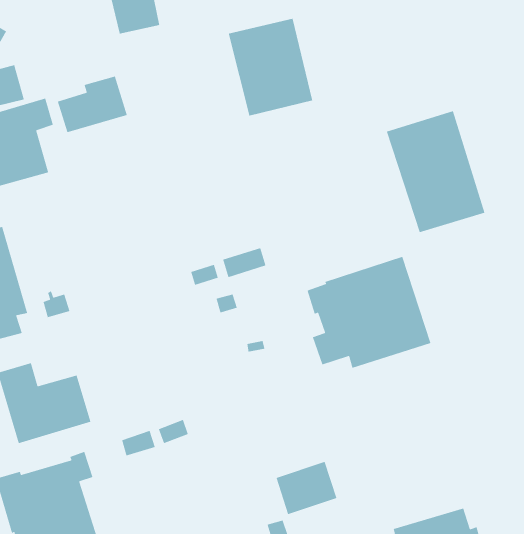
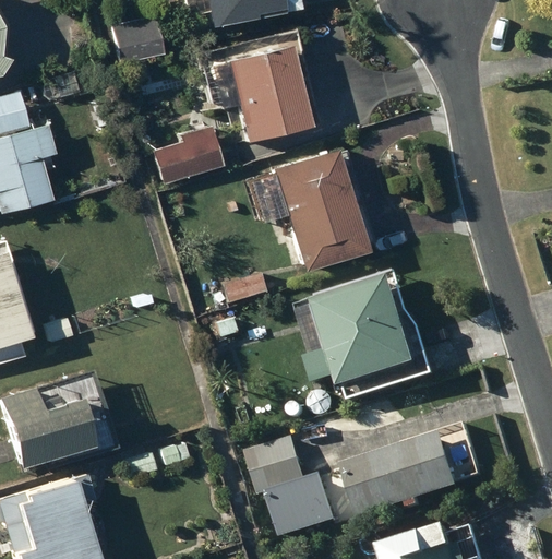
building: [57,76,128,133] -> [153,124,223,181]
building: [386,110,486,233] -> [272,147,370,269]
building: none -> [346,433,467,520]
building: none -> [248,438,310,497]

